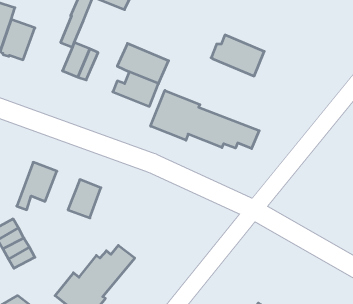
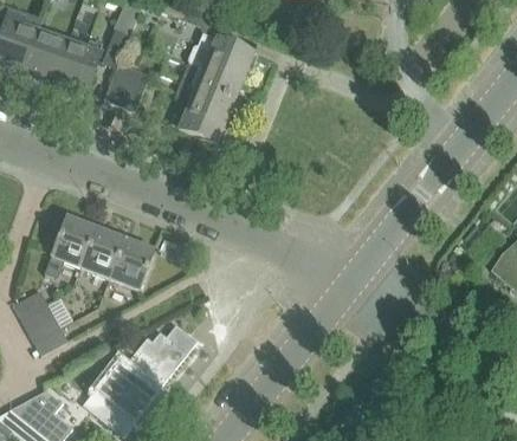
building: none -> [52,37,102,93]
building: [211,35,264,76] -> [185,31,253,84]
building: [151,90,259,149] -> none
building: none -> [80,227,125,277]

